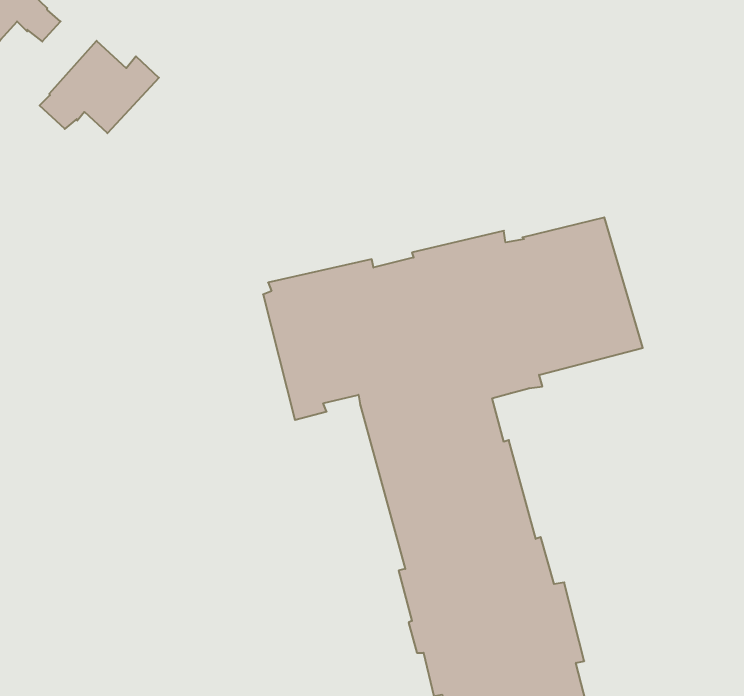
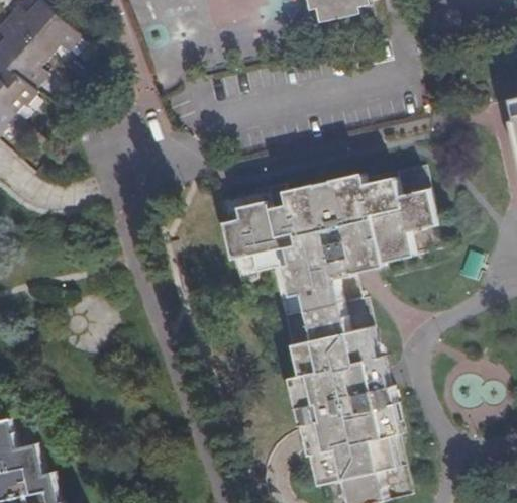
building: [40,41,159,133] -> none

